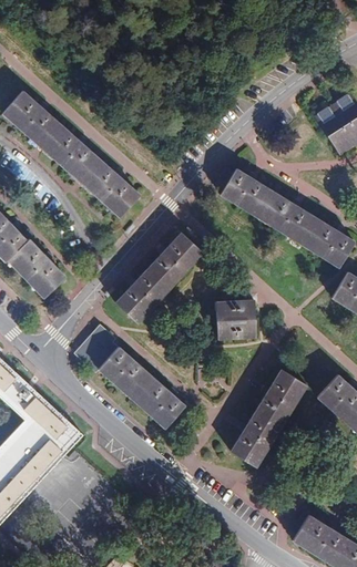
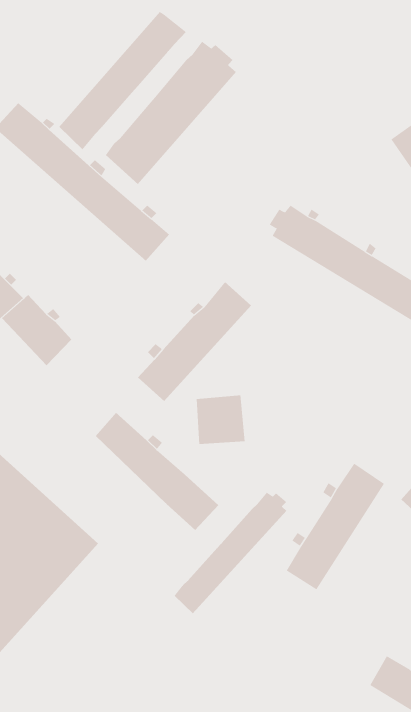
building: none -> [58,11,187,150]
building: none -> [105,41,237,185]
building: [217,307,256,346] -> [196,395,245,444]
building: none -> [174,492,287,614]

